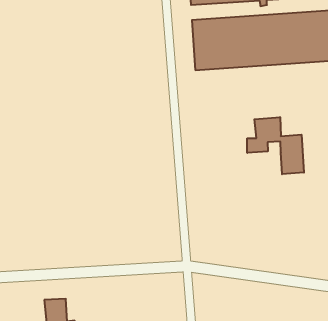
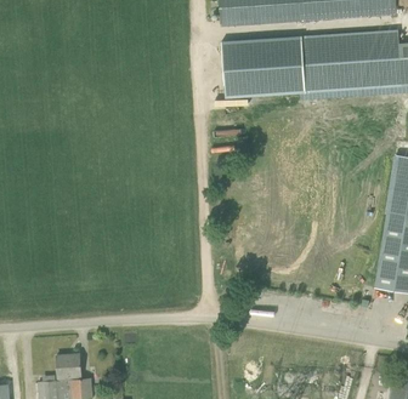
building: [247,117,304,174] -> none

